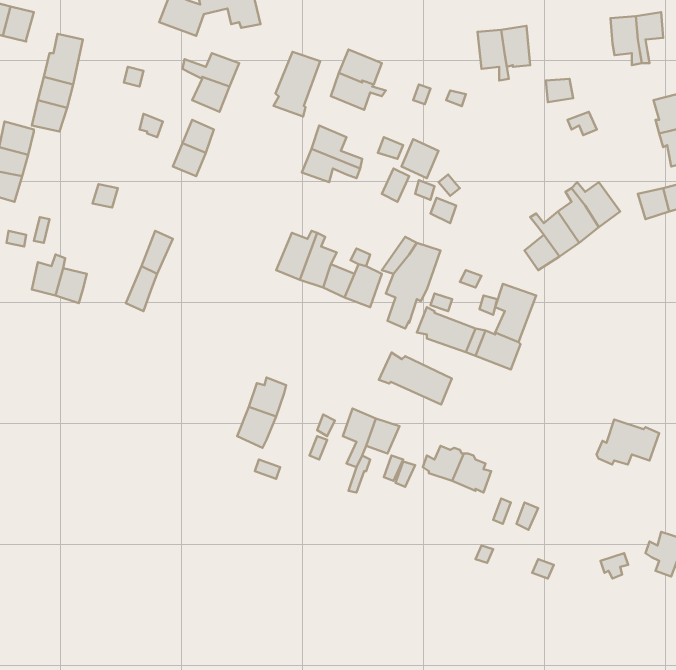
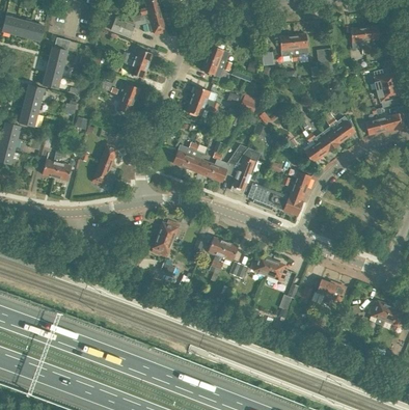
building: [273,52,320,116] -> none
building: [379,352,452,404] -> none
building: [597,419,659,464] -> [311,280,345,304]

